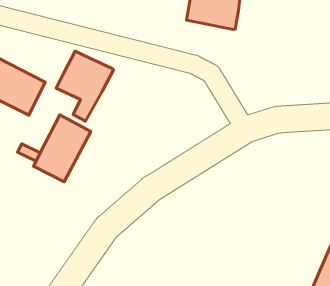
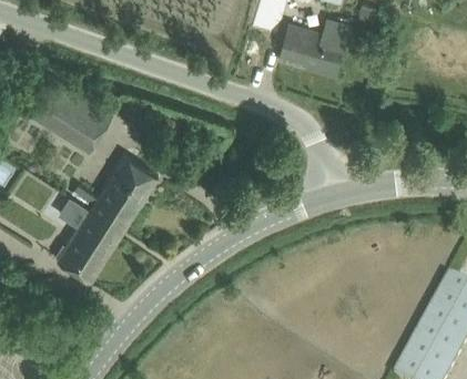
building: [56,51,113,121] -> none
building: none -> [55,196,121,281]

